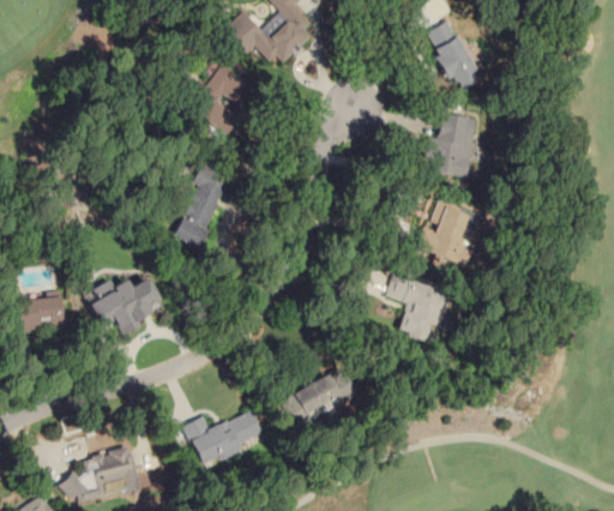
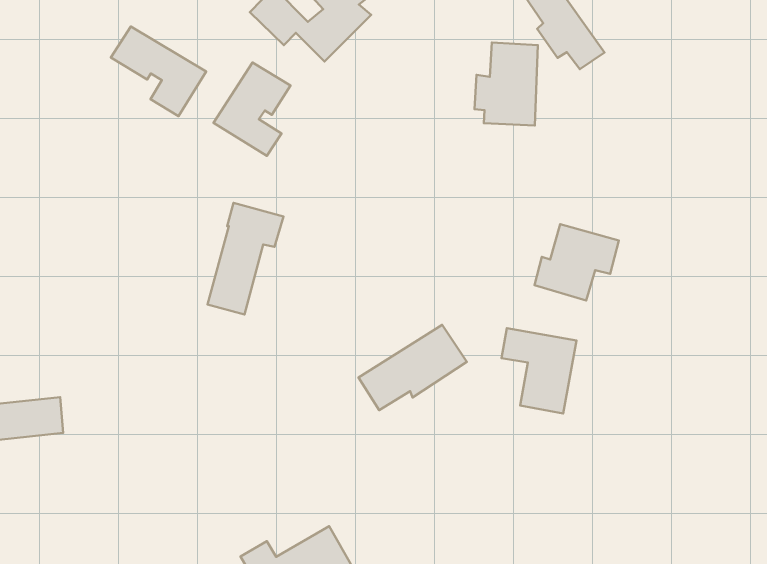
building: none -> [111,26,206,116]
building: [425,113,475,176] -> [475,42,538,125]
building: [84,277,161,335] -> none
building: [275,368,355,427] -> [359,325,467,410]

